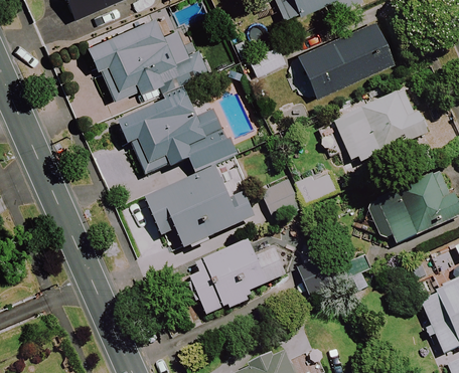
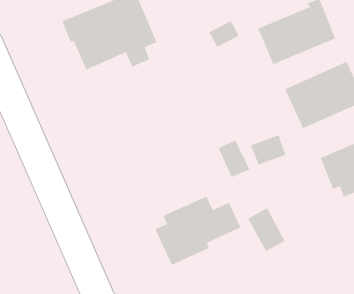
building: [118,86,237,174] -> none
building: [146,166,256,247] -> none

